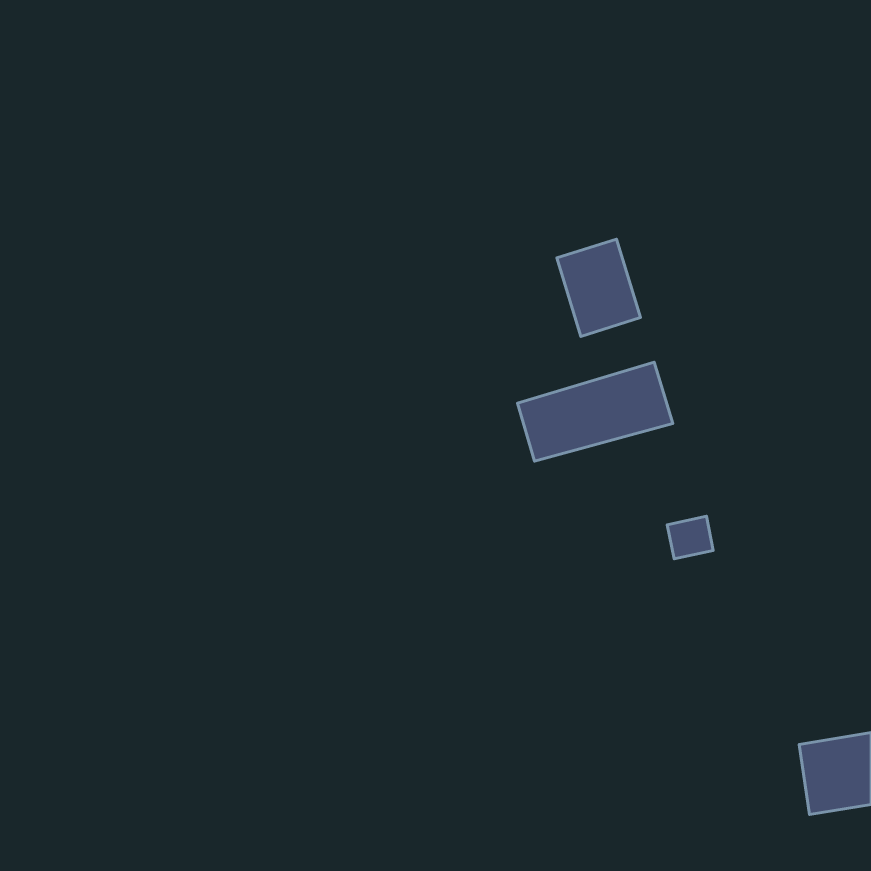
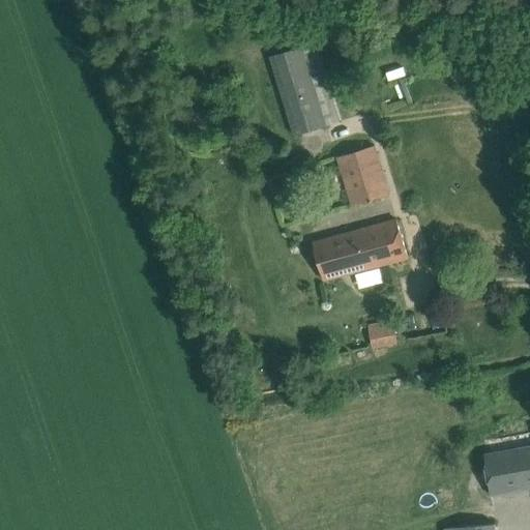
building: none -> [268,41,340,136]
building: [667,516,713,559] -> [369,321,396,347]

